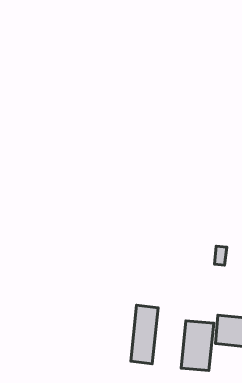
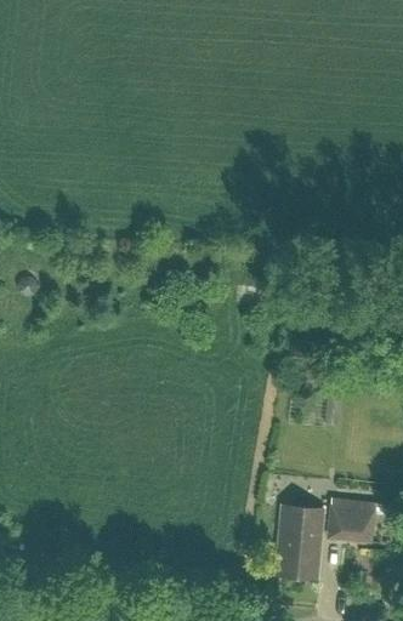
building: [131,305,158,364] -> none

